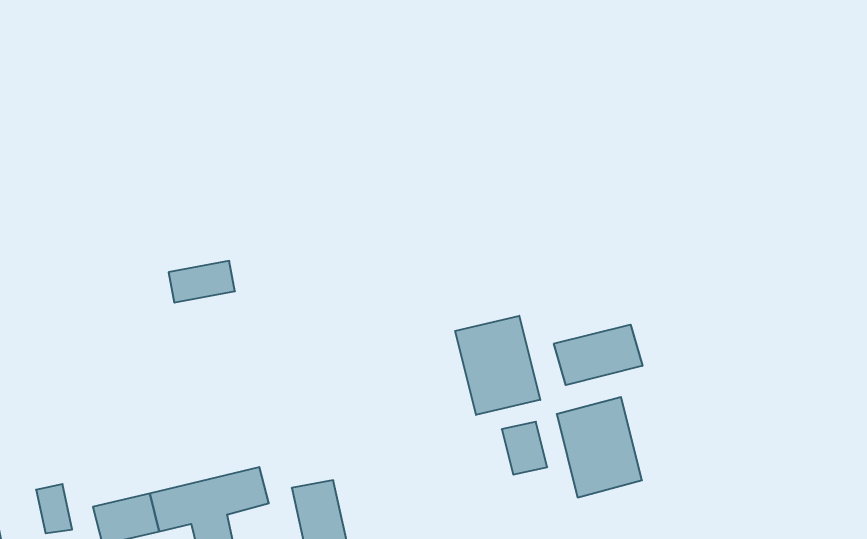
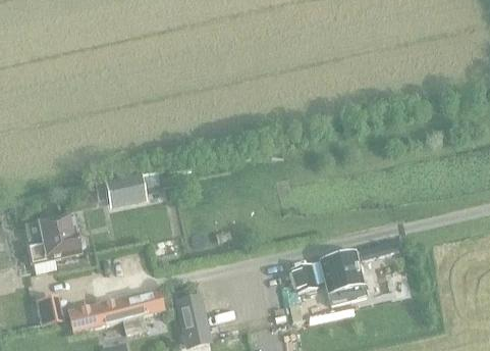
building: [455,316,540,415] -> none
building: [554,325,642,385] -> none
building: none -> [25,211,84,271]

